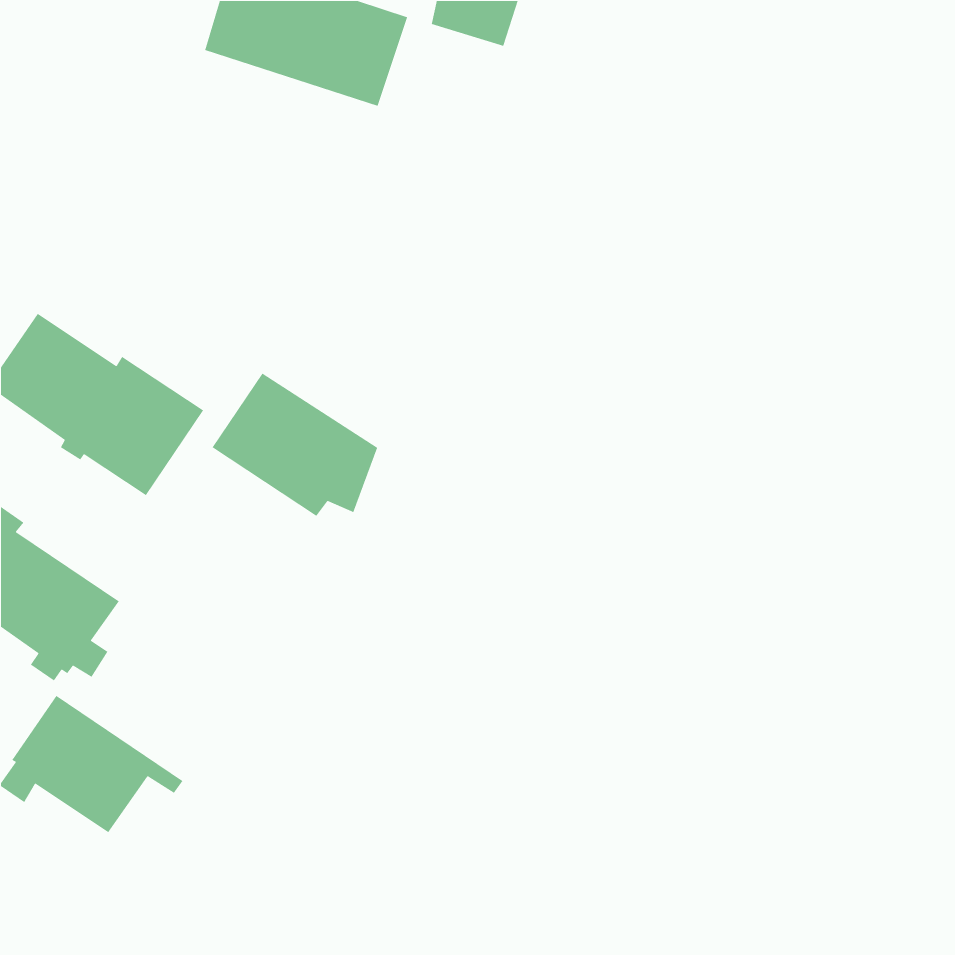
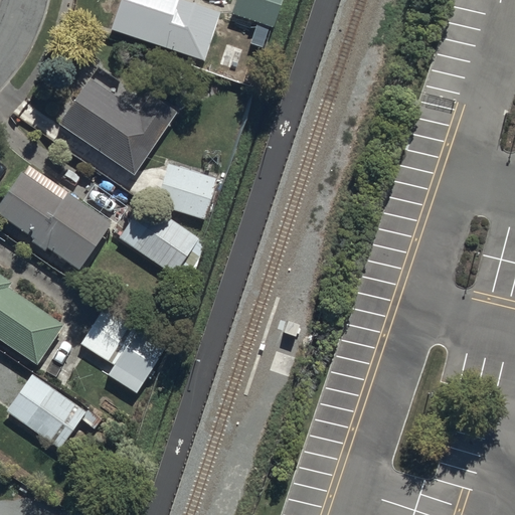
building: none -> [58,76,178,175]
building: none -> [154,164,216,219]
building: none -> [80,308,165,393]

